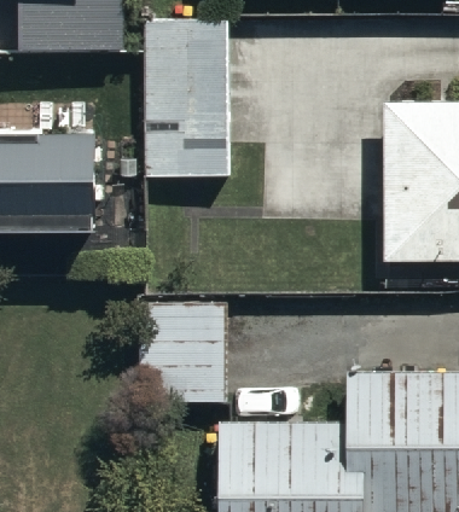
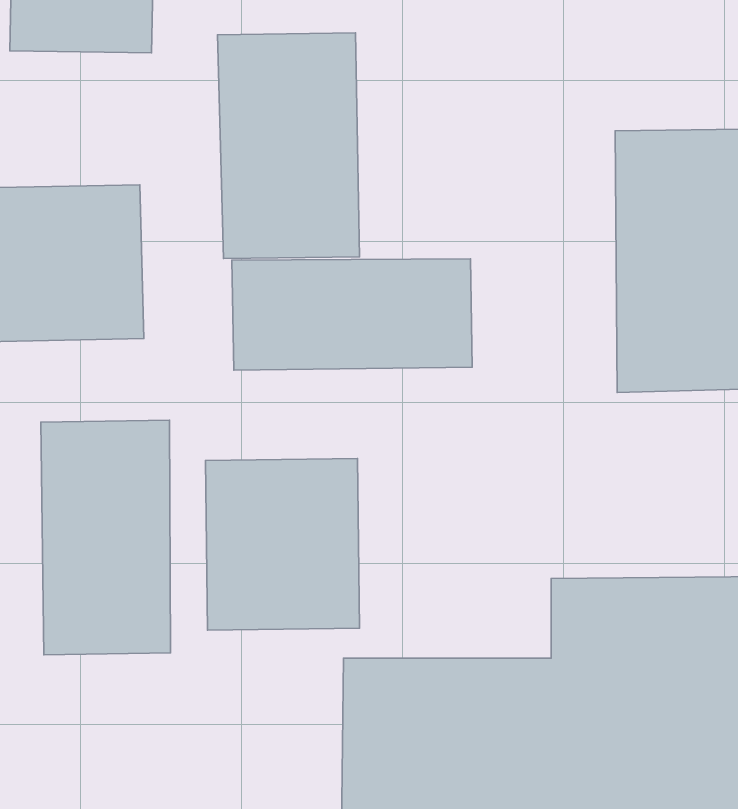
building: none -> [232,259,472,370]
building: none -> [41,420,171,655]

